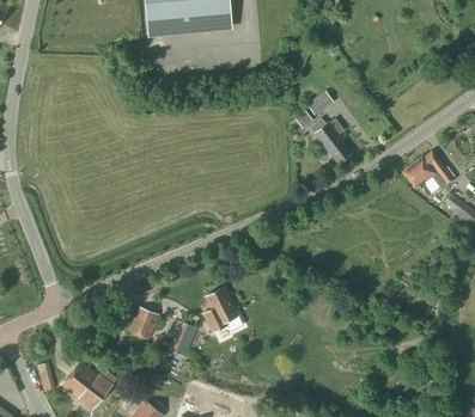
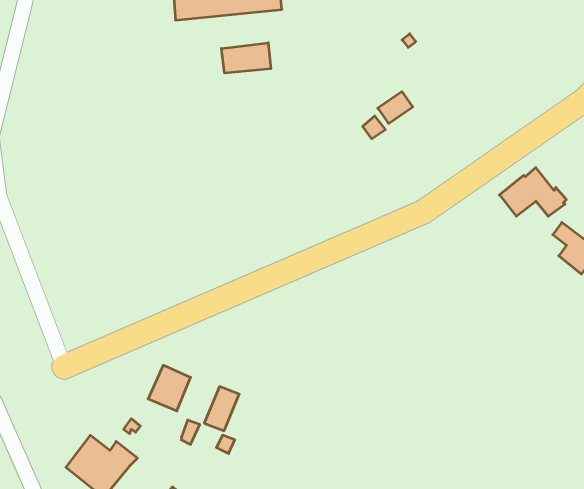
building: none -> [221,43,271,73]
building: [310,118,353,164] -> none
building: [202,288,238,333] -> none

